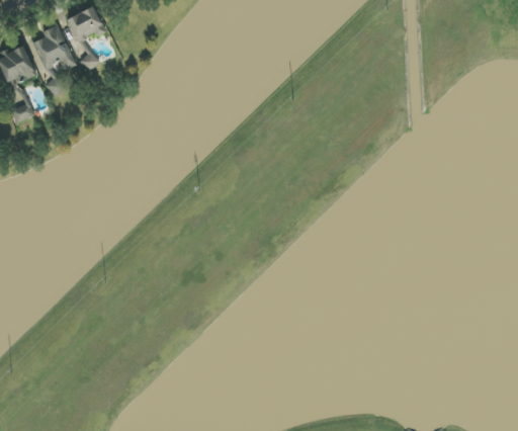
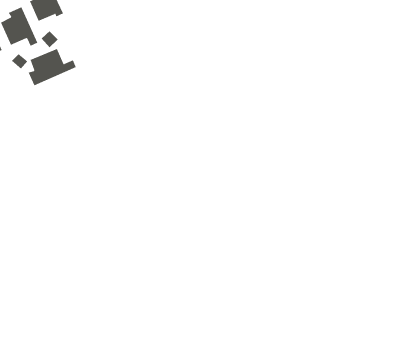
building: none -> [28,48,77,86]

